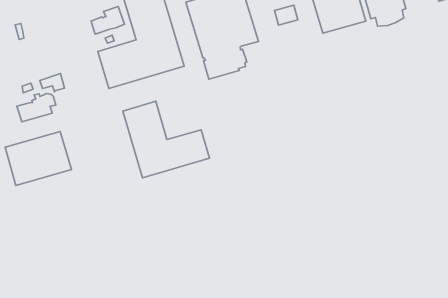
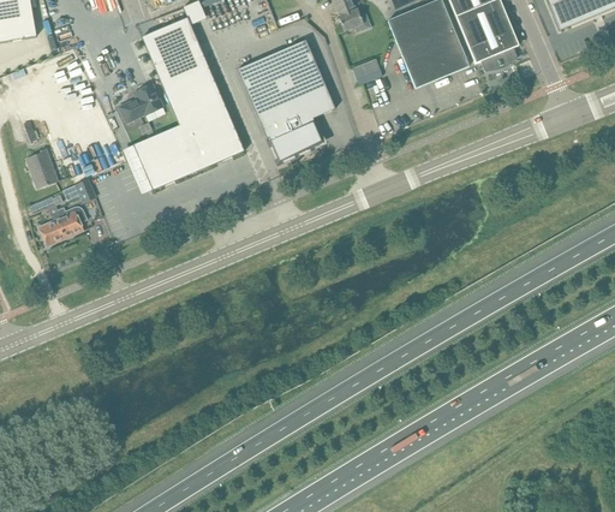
building: none -> [25,148,58,187]
building: [123,101,210,178] -> none
building: [5,132,72,186] -> none

